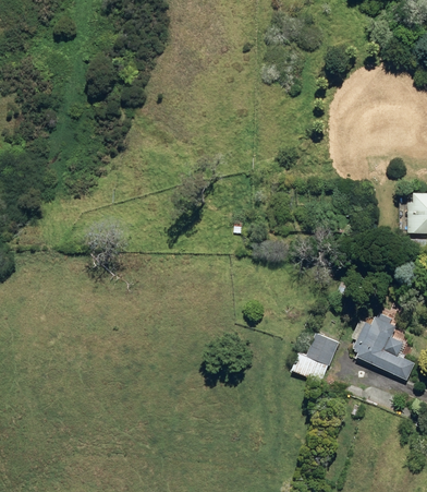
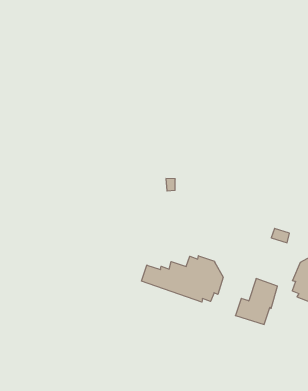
building: none -> [142,256,223,302]

